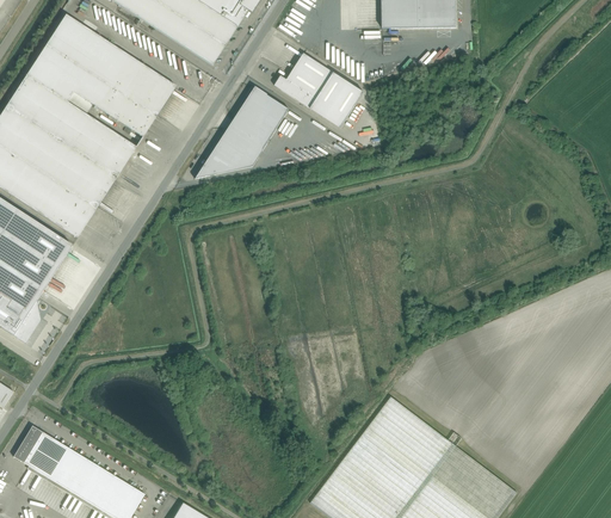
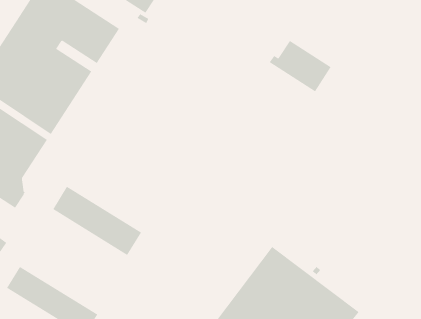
building: [273,54,363,128] -> [269,40,331,92]
building: [193,86,288,178] -> none
building: none -> [52,186,142,256]

